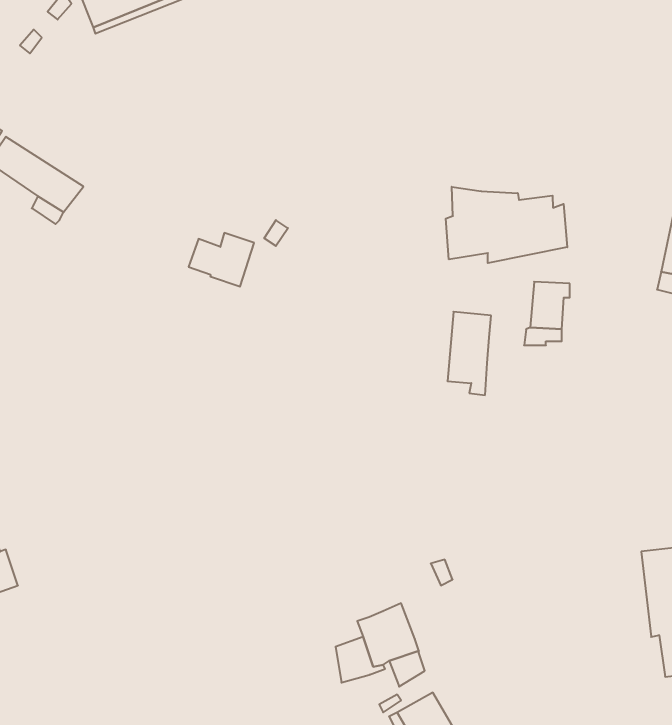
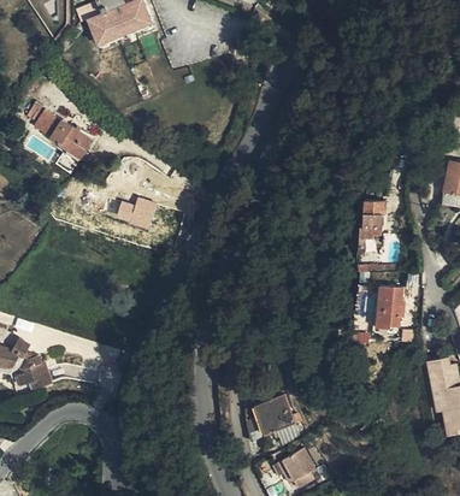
building: [446,187,567,263] -> none
building: [189,233,254,287] -> [116,197,155,230]
building: [447,312,491,395] -> [376,284,402,335]

